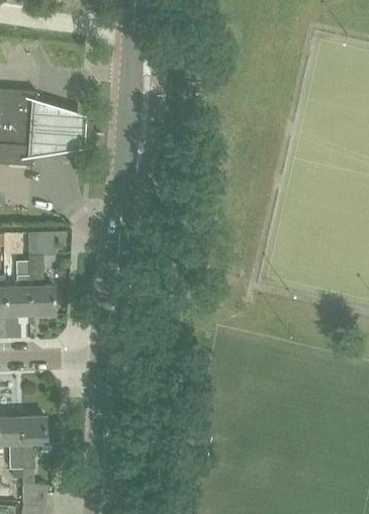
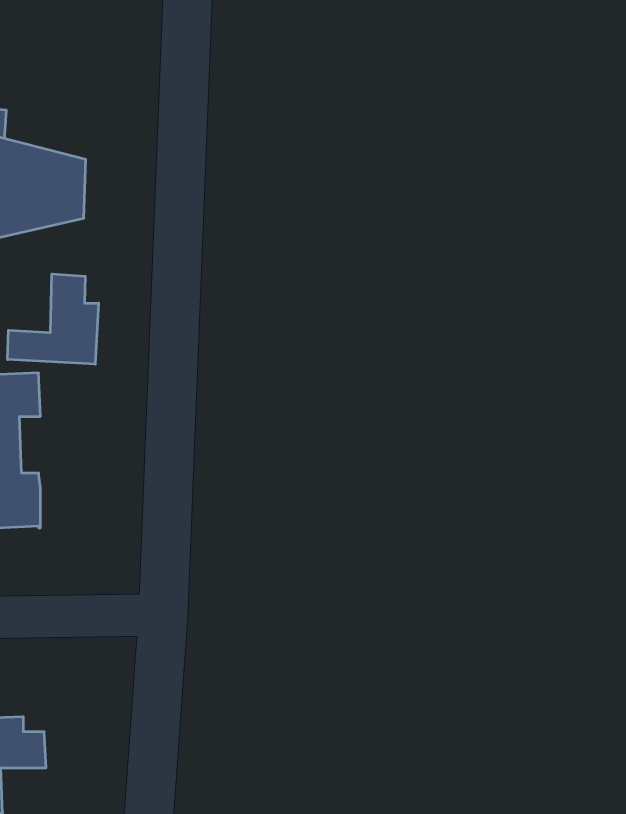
building: none -> [8,274,99,364]

